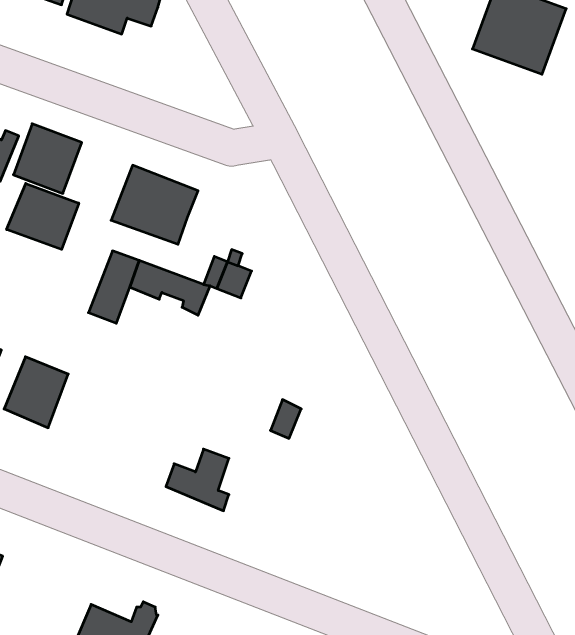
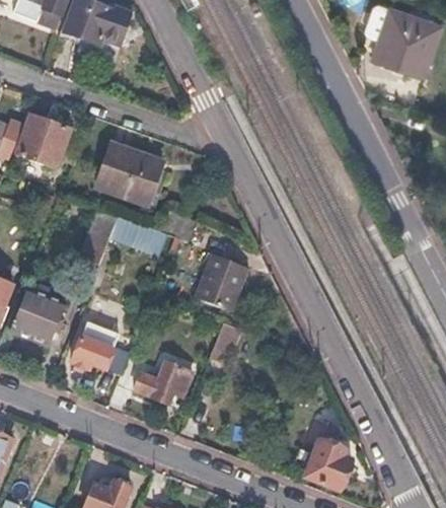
building: [7,183,79,249] -> none
building: none -> [197,257,246,311]
building: none -> [71,320,135,376]
building: none -> [303,424,348,490]

